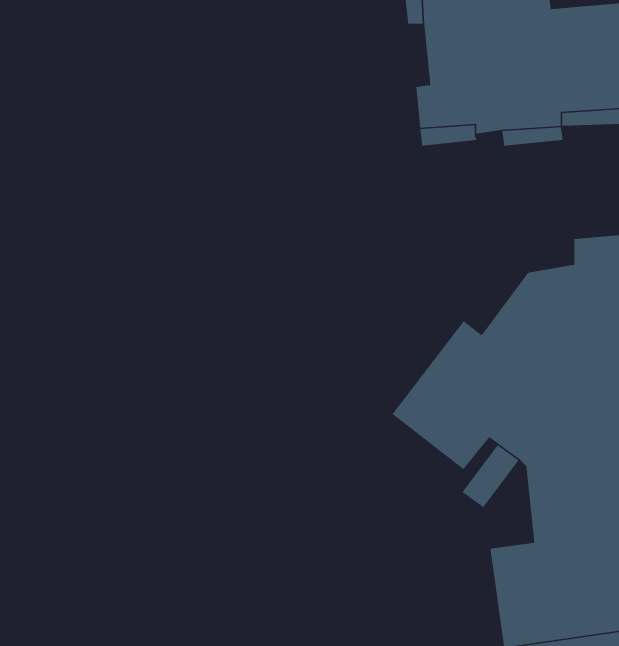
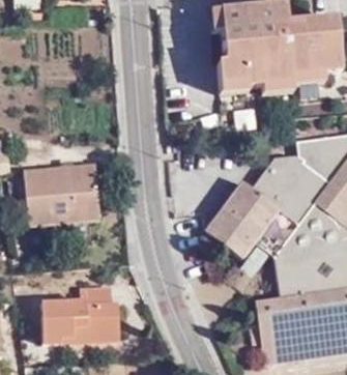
building: none -> [24,166,99,225]
building: none -> [40,286,119,341]

